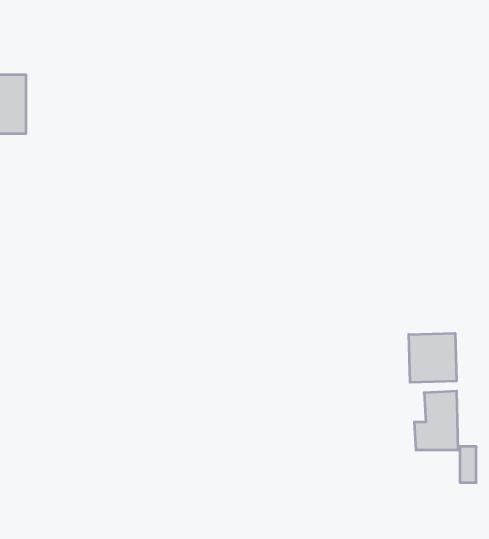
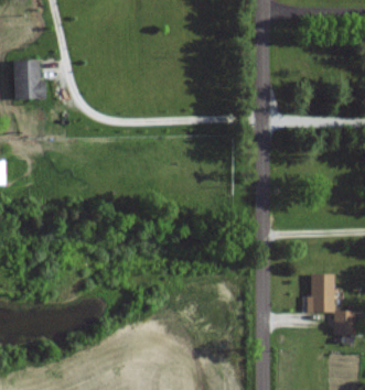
building: [409,333,456,382] -> none

